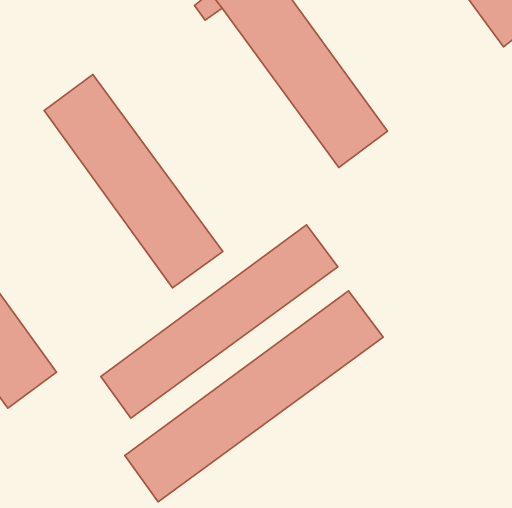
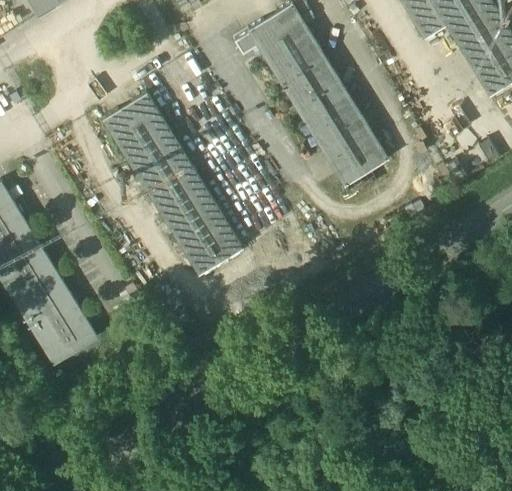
building: [101,225,338,418] -> none
building: [125,291,383,502] -> none

